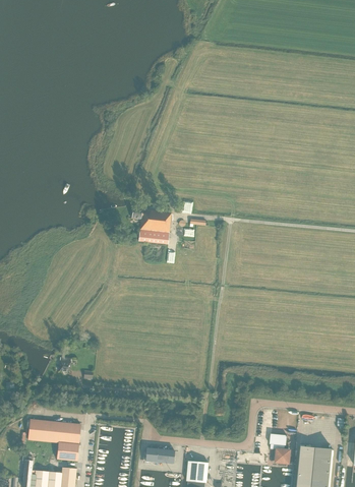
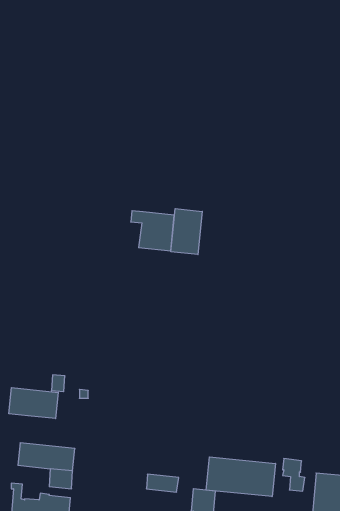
building: none -> [171,209,202,255]
building: none -> [9,388,58,419]
building: none -> [206,457,275,497]

